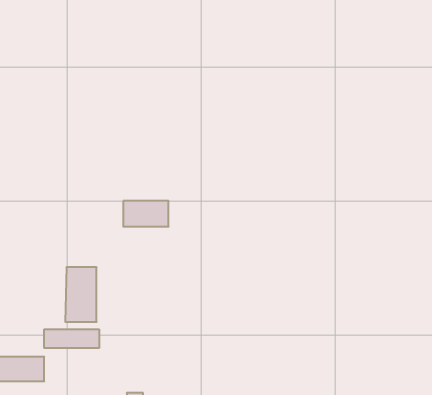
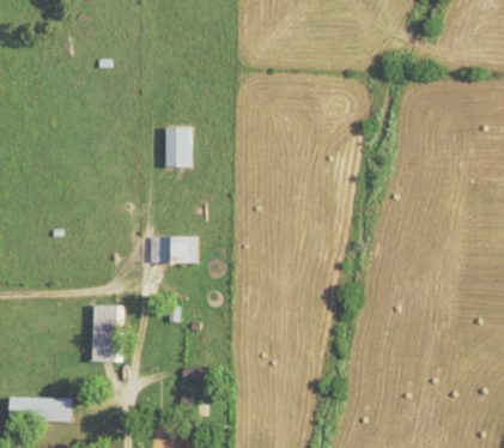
building: none -> [165,128,194,167]
building: [44,329,99,348] -> none

